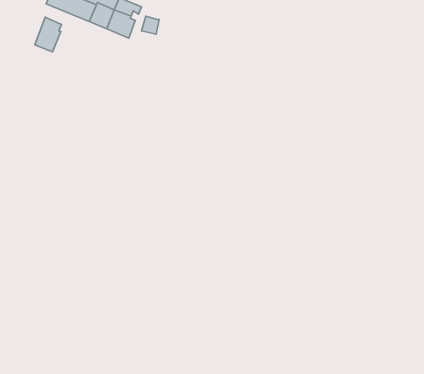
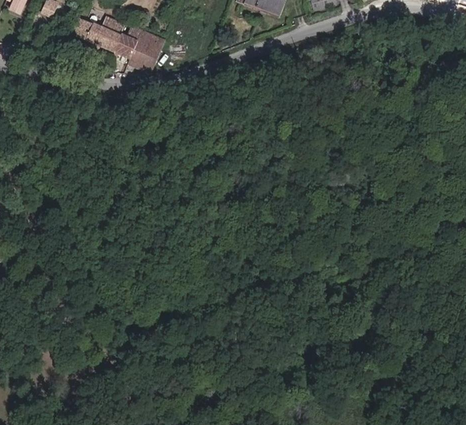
building: [35,17,61,52] -> none

